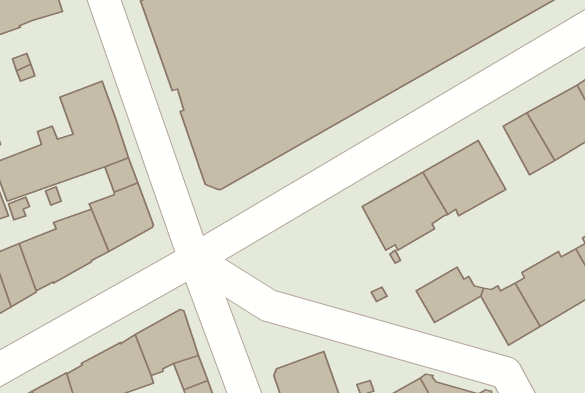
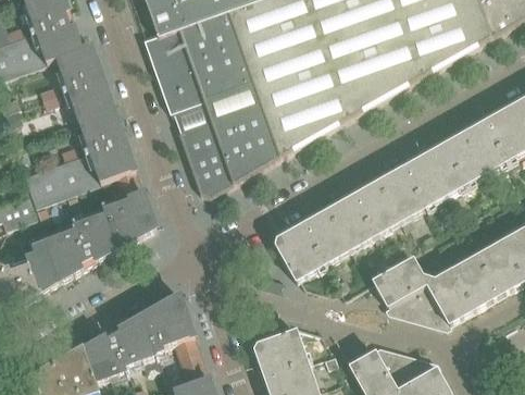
building: none -> [55,44,113,119]
building: none -> [423,143,465,195]
building: none -> [275,209,347,280]
building: none -> [387,283,448,325]

